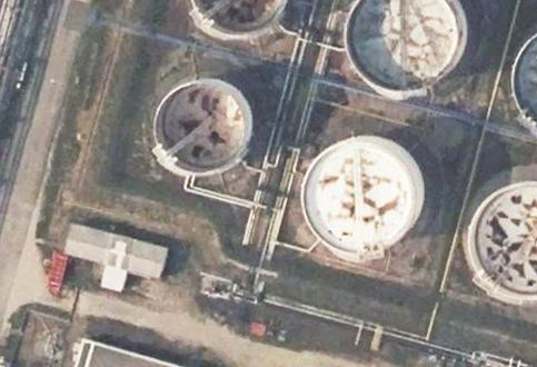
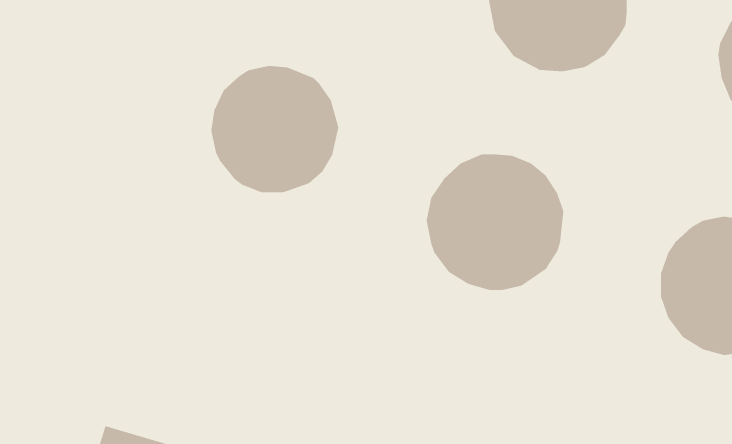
building: [66,224,166,279] -> none

